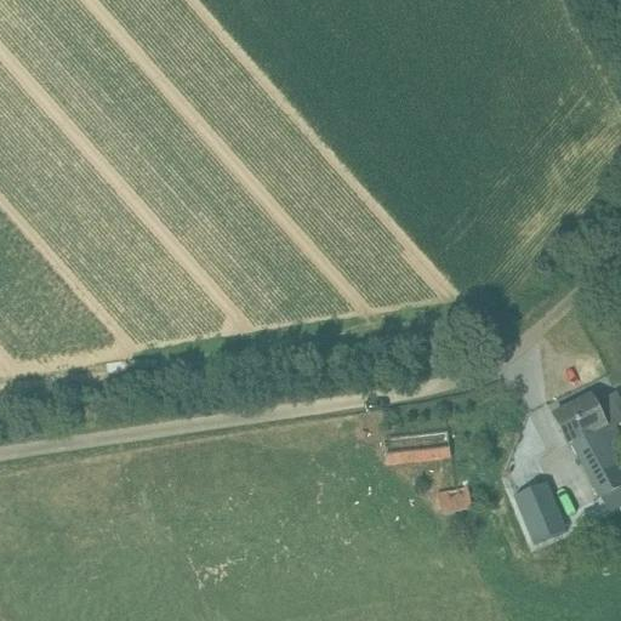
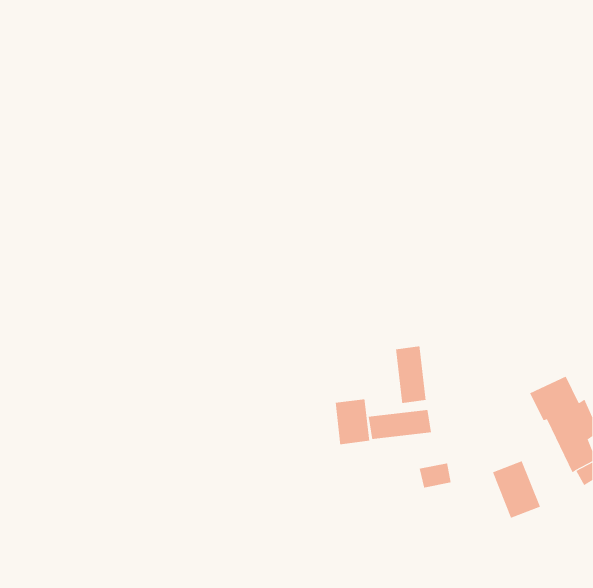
building: none -> [396,346,426,404]
building: none -> [335,398,370,445]

